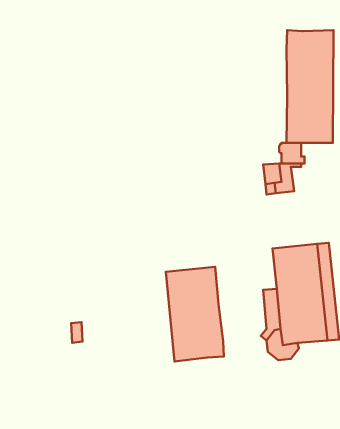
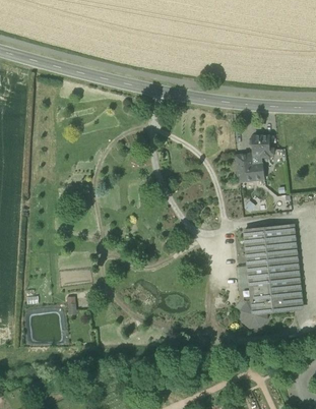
building: [286,30,333,143] -> none
building: [166,267,224,362] -> none

